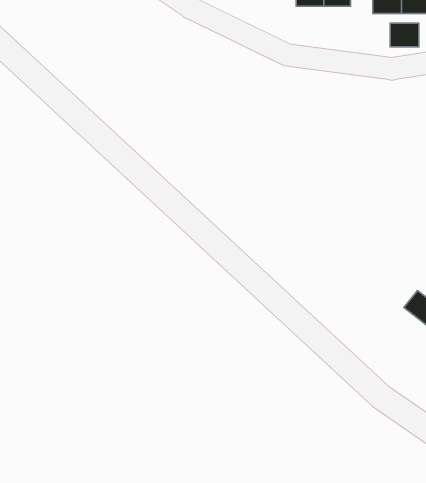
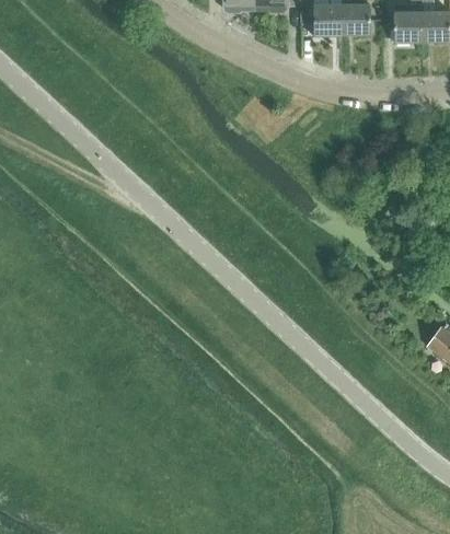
building: [390,23,419,47] -> none

